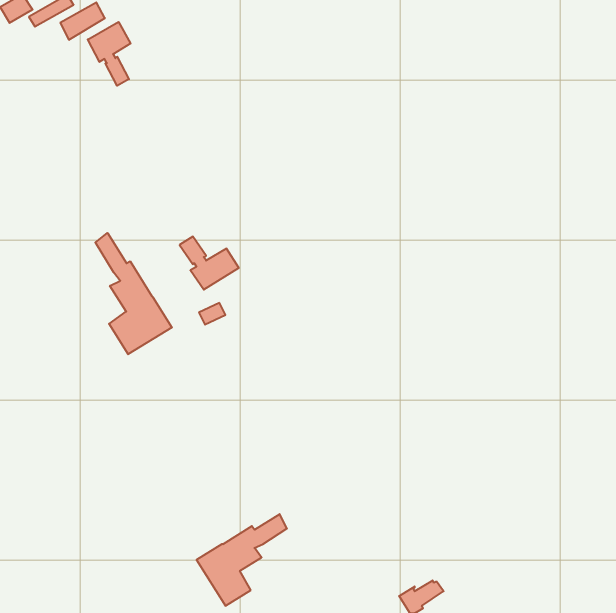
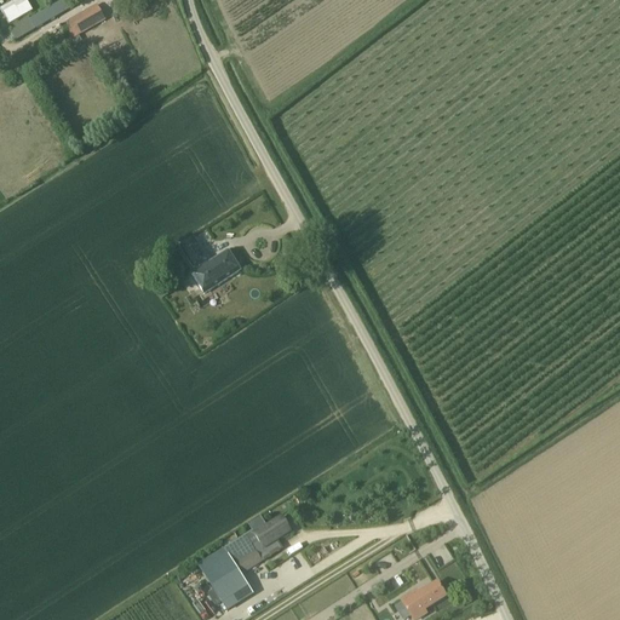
building: [88,22,131,86] -> none
building: [95,233,172,354] -> none

